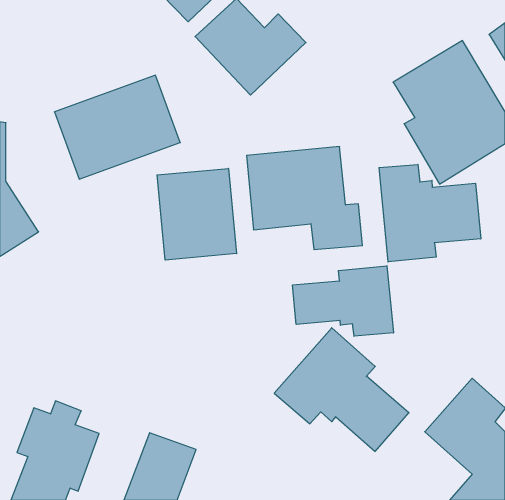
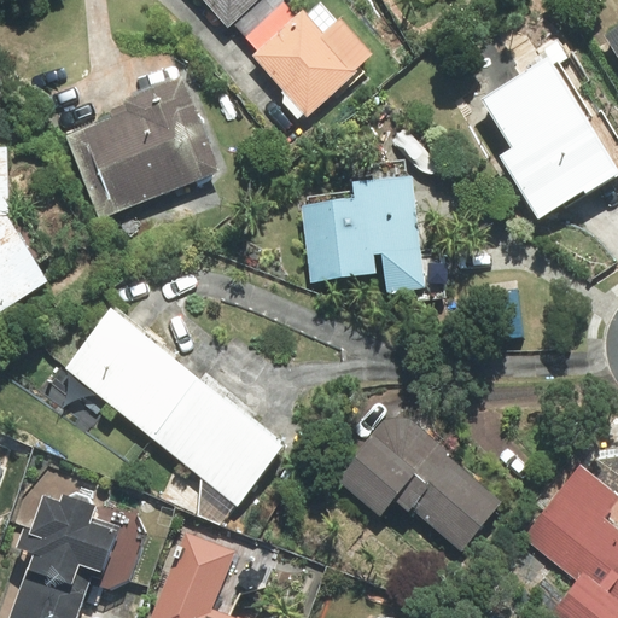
building: [379,164,481,262] -> none
building: [157,168,237,260] -> none
building: none -> [64,307,285,514]
building: [293,266,393,336] -> none

